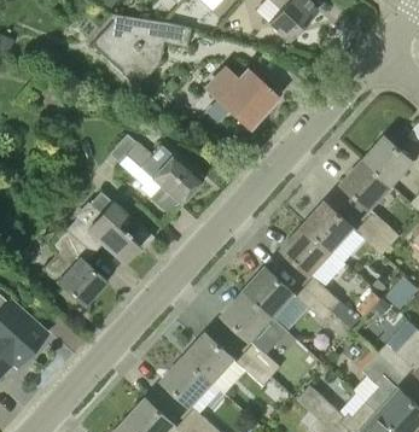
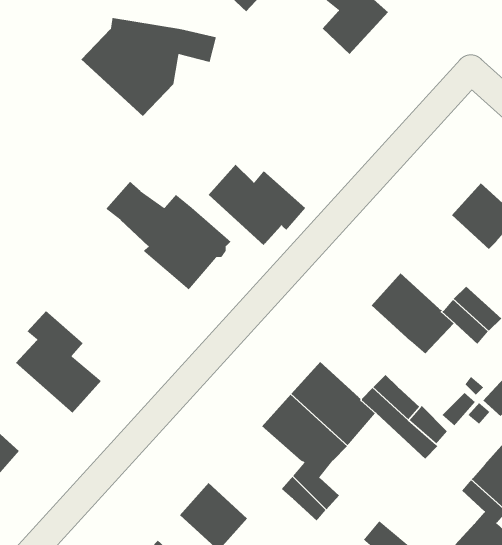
building: [203,65,275,125] -> [208,164,306,246]
building: [342,160,390,209] -> none
building: [64,193,149,263] -> none
building: [281,227,332,276] -> none
building: [184,333,234,384] -> none

